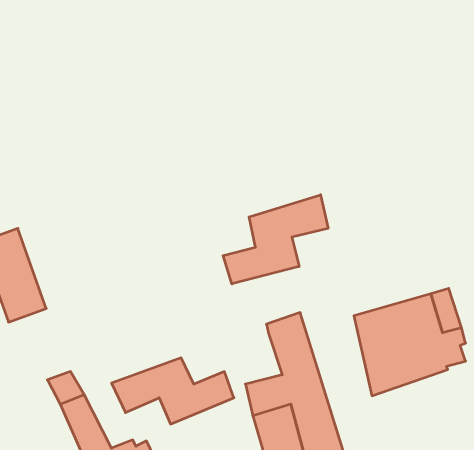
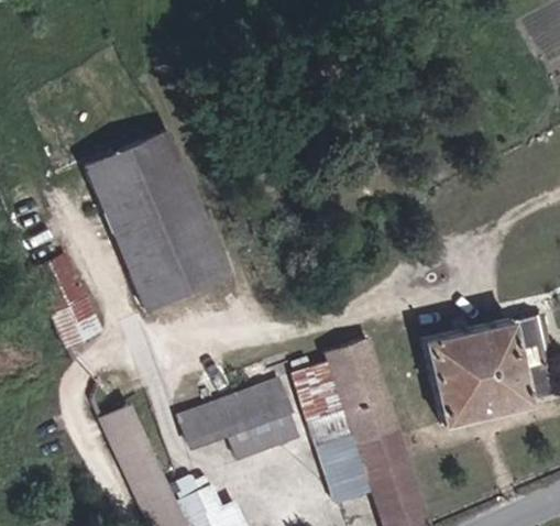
building: none -> [92,139,230,316]
building: [223,195,328,284] -> none
building: none -> [297,364,349,417]
building: none -> [243,376,288,417]

